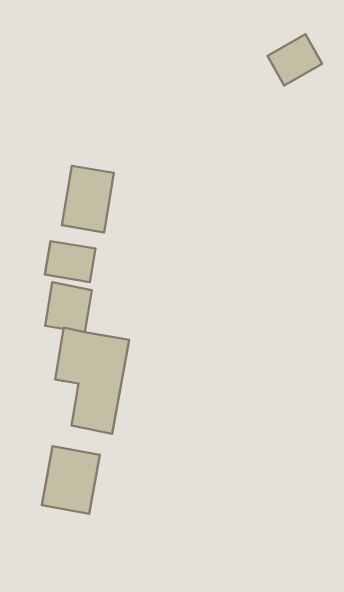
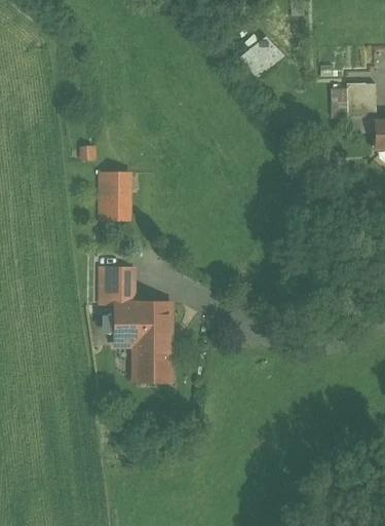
building: [45,241,95,282] -> none
building: [42,446,100,514] -> none

